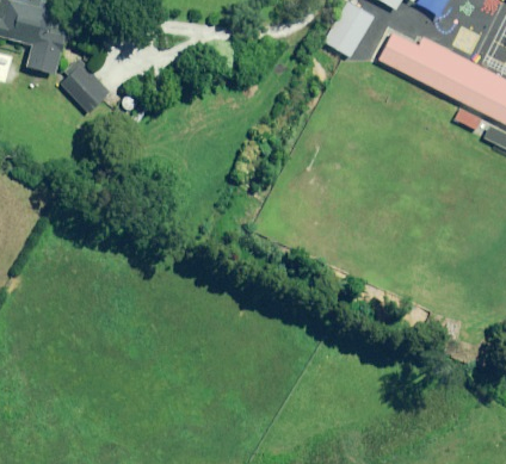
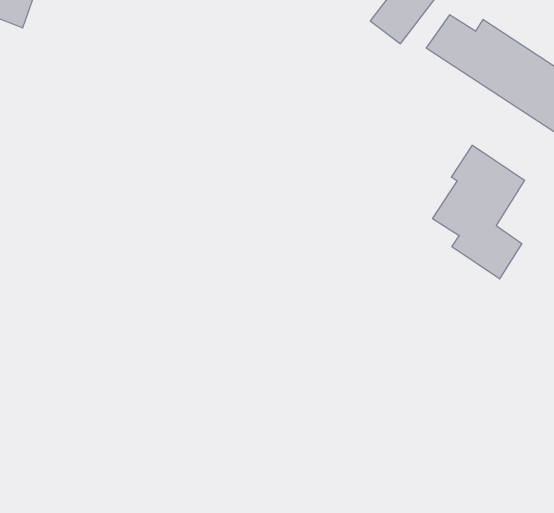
building: [60,58,112,112] -> none
building: none -> [433,145,525,279]

